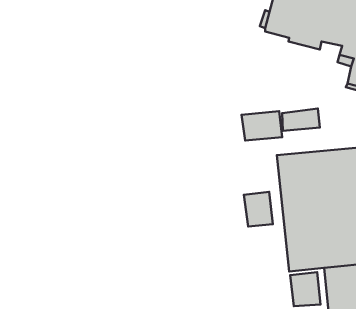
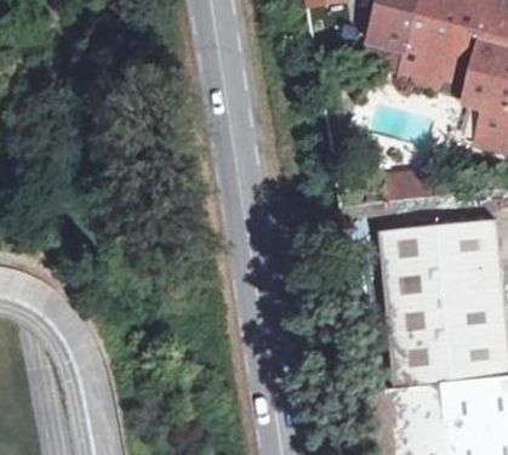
building: [241,111,282,141] -> none
building: [244,192,273,227] -> none

